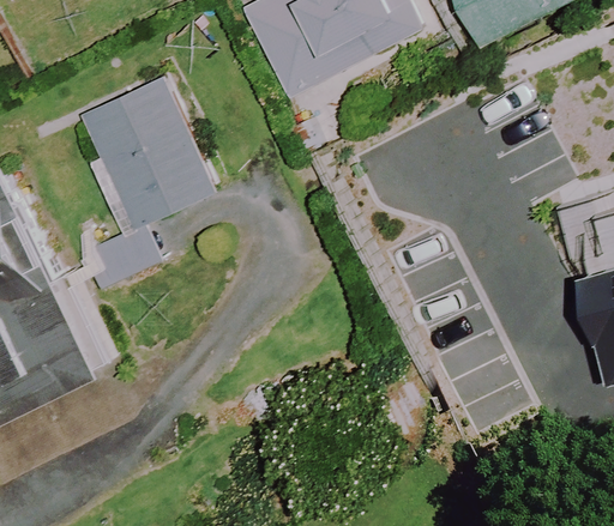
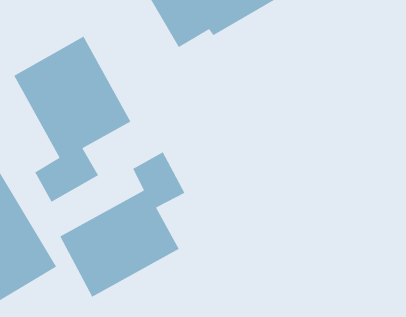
building: none -> [59,151,185,298]

